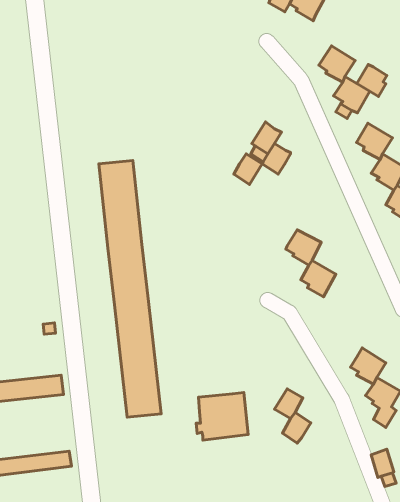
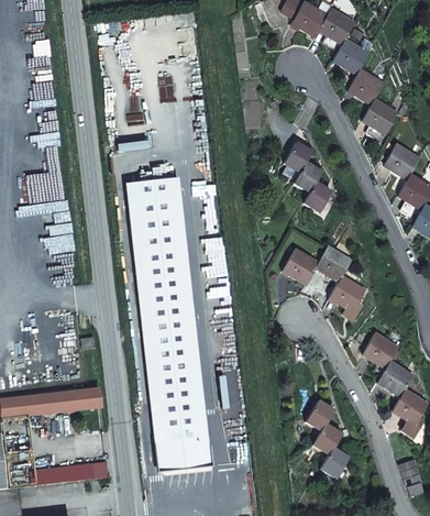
building: none -> [335,39,370,74]
building: [357,65,387,96] -> none
building: [234,154,262,184] -> [304,183,331,212]
building: none -> [284,249,318,284]
building: none -> [364,332,399,369]
building: [196,393,248,440] -> [161,424,211,470]
building: none -> [320,448,348,477]

